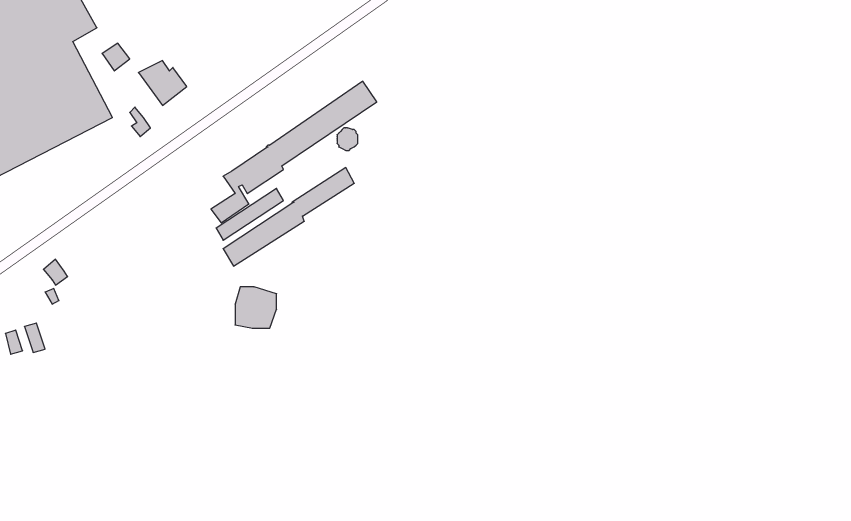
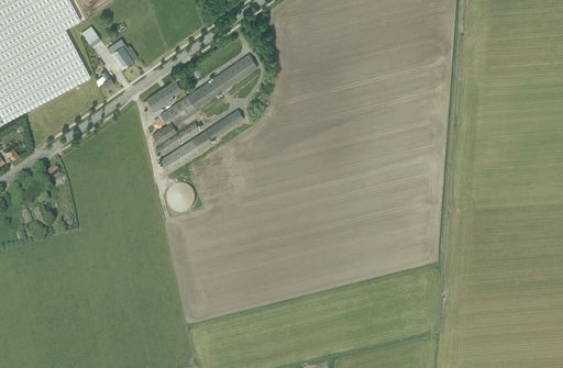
building: none -> [143,78,183,113]

